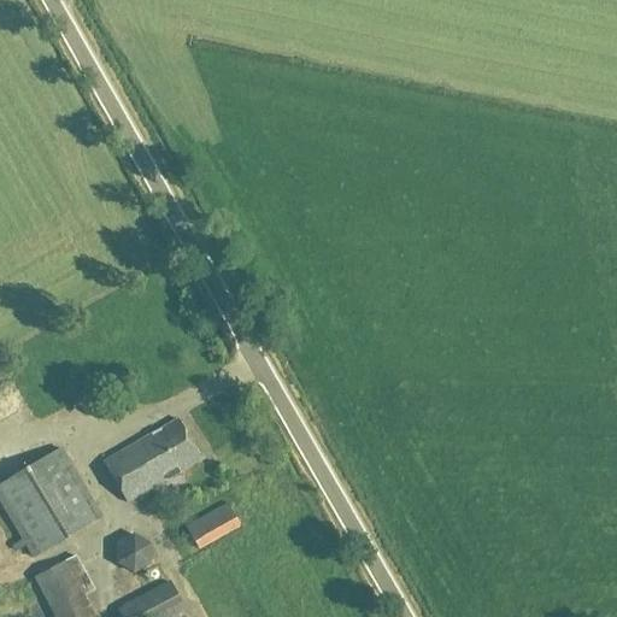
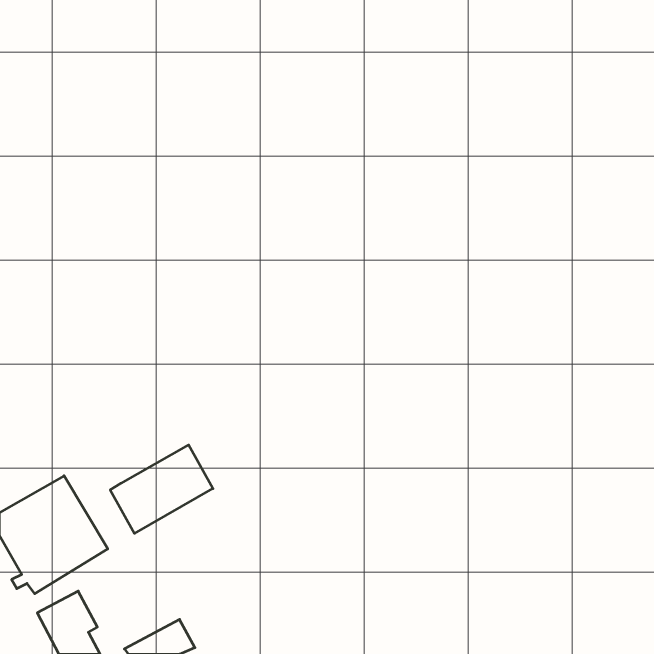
building: [184,501,240,550] -> none
building: [114,536,149,575] -> none

